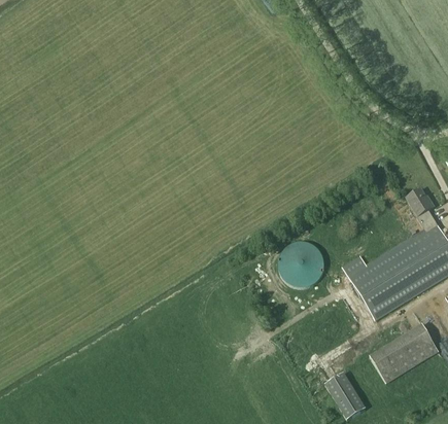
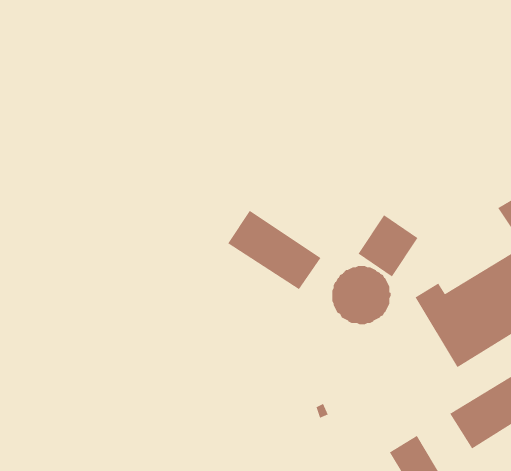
building: none -> [227,210,322,290]
building: none -> [357,214,419,277]

